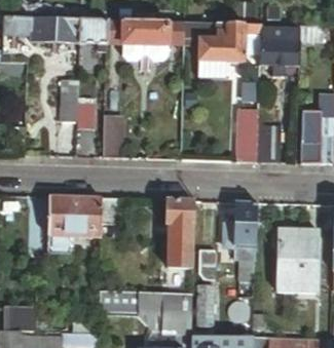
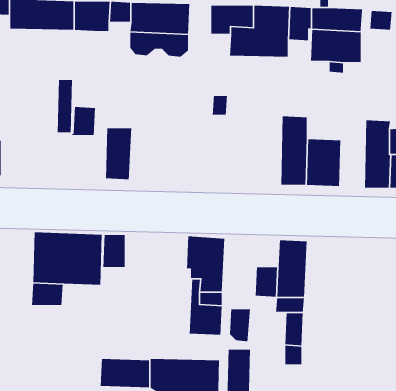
building: [277,229,317,293] -> none

